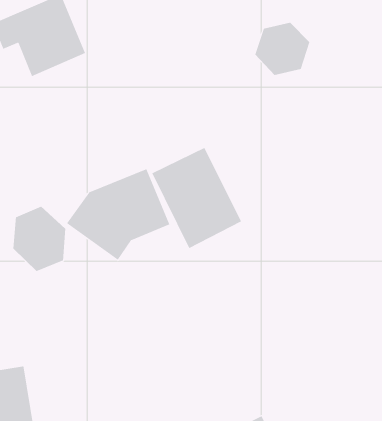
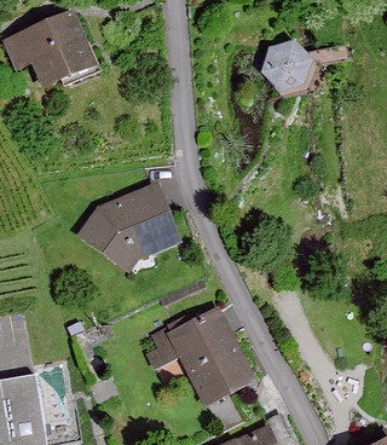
building: [152,147,242,249] -> [168,306,256,405]
building: [13,206,66,272] -> none

